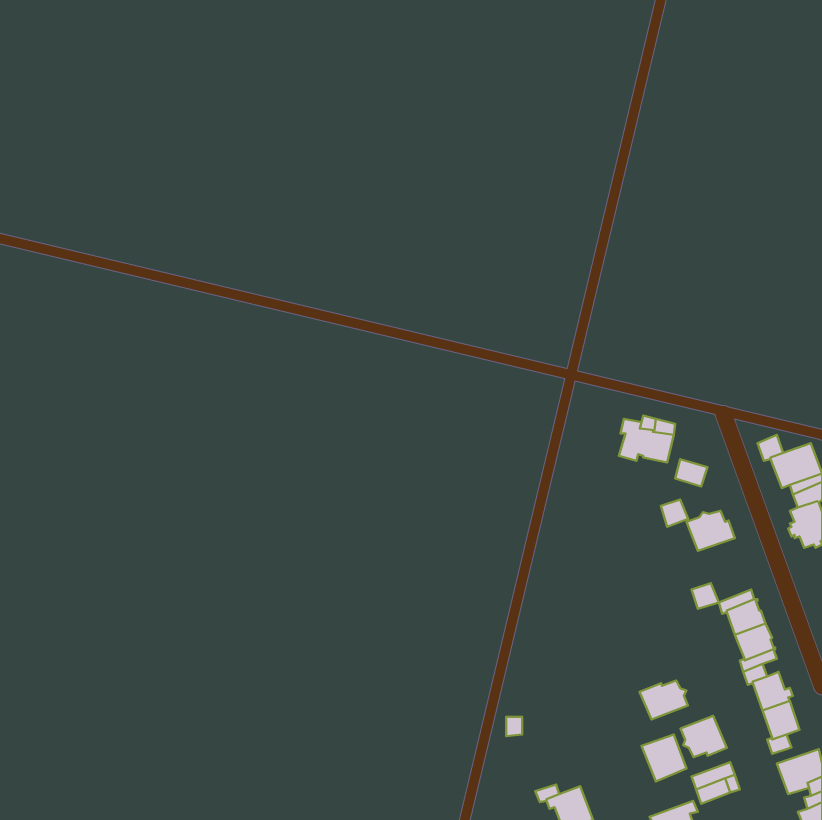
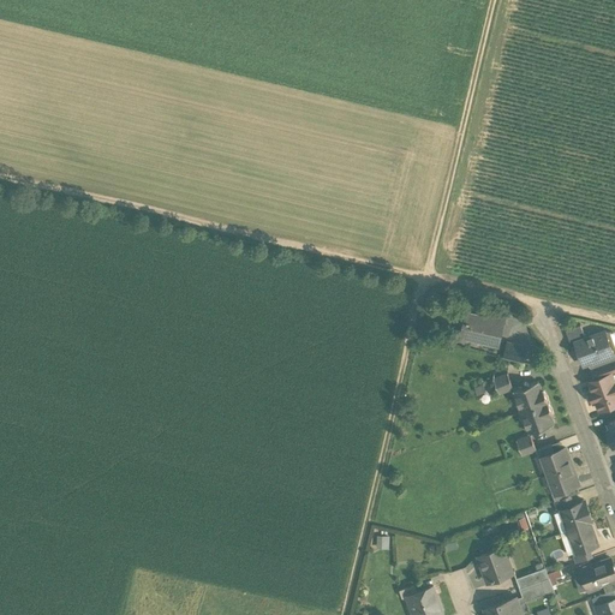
building: none -> [520,404,553,435]
building: [640,681,688,720] -> none
building: [681,716,727,757] -> none

